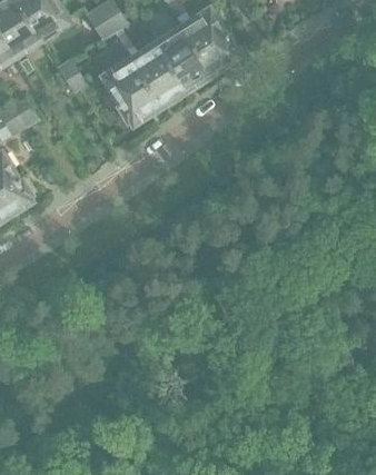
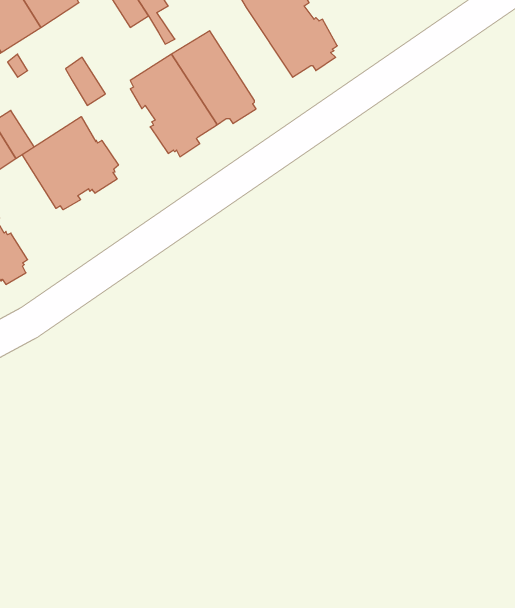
building: [155,27,210,89] -> none
building: none -> [22,117,118,210]

